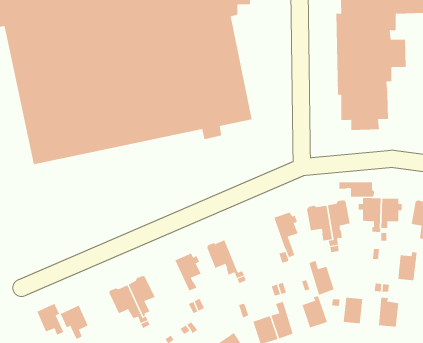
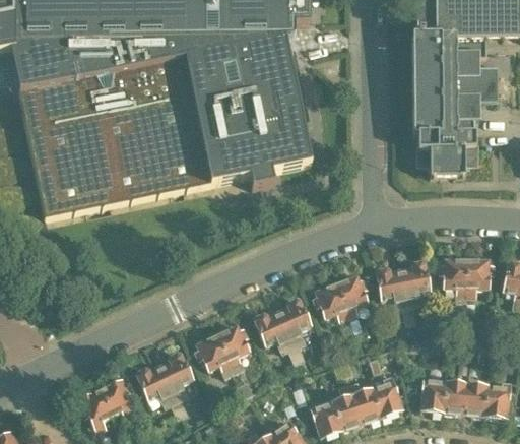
building: [339,181,375,198] -> none
building: none -> [314,281,349,319]
building: none -> [278,298,312,347]
building: [397,252,417,281] -> [486,381,511,417]
building: none -> [196,333,235,375]
building: [309,260,335,295] -> [349,380,381,423]
building: none -> [443,377,467,413]
building: [36,303,64,336] -> [102,377,135,417]

